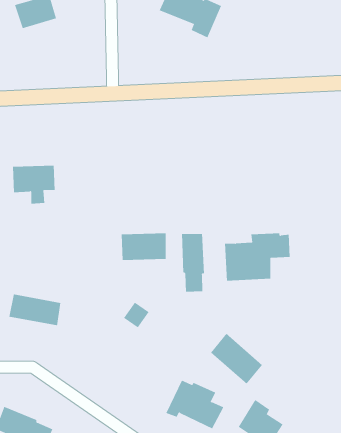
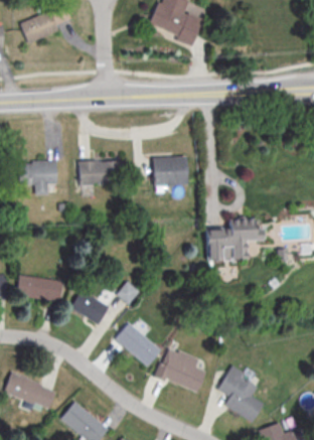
building: none -> [152,158,187,188]
building: [121,233,167,260] -> [80,160,120,184]
building: [181,233,205,293] -> none
building: none -> [70,290,109,324]
building: [210,333,263,385] -> [115,323,161,369]

